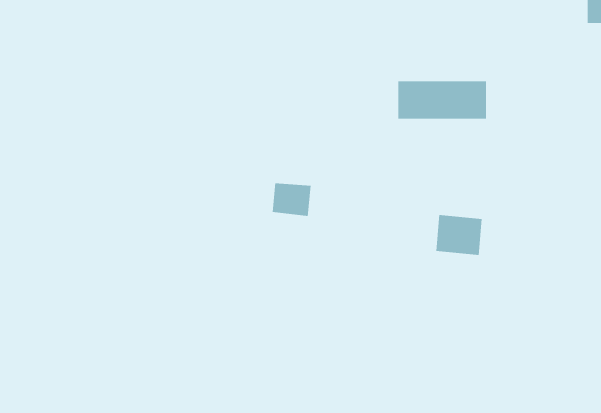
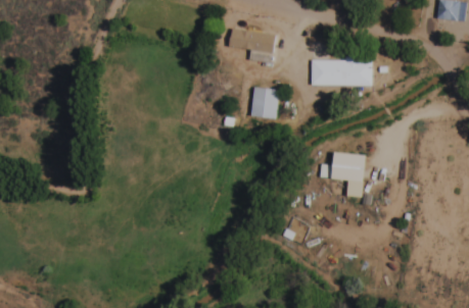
building: none -> [229,30,275,56]
building: [272,183,311,216] -> [251,88,279,111]

